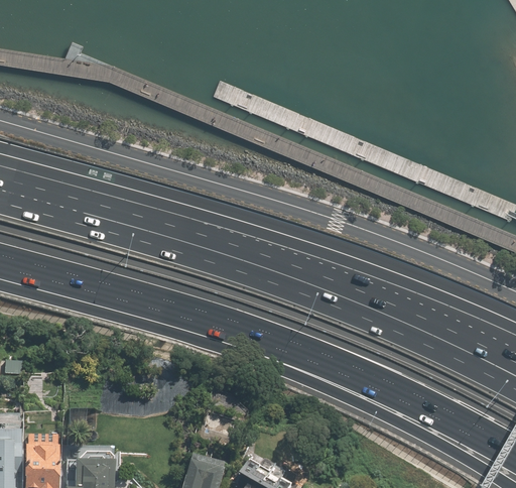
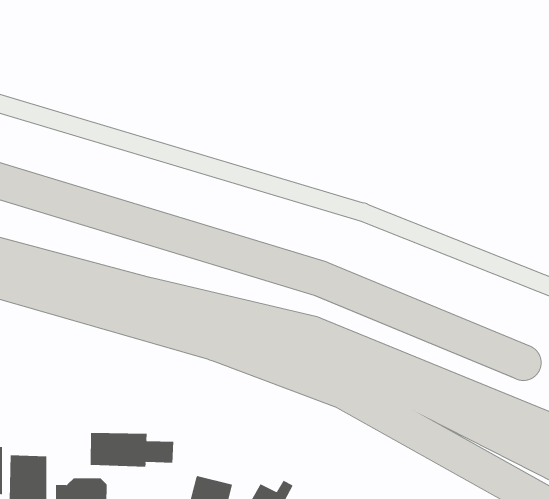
building: none -> [90,432,174,468]

